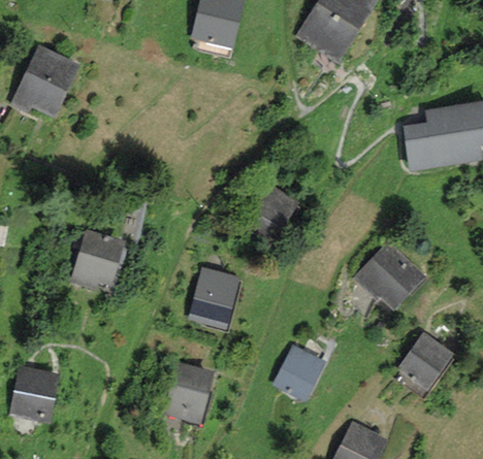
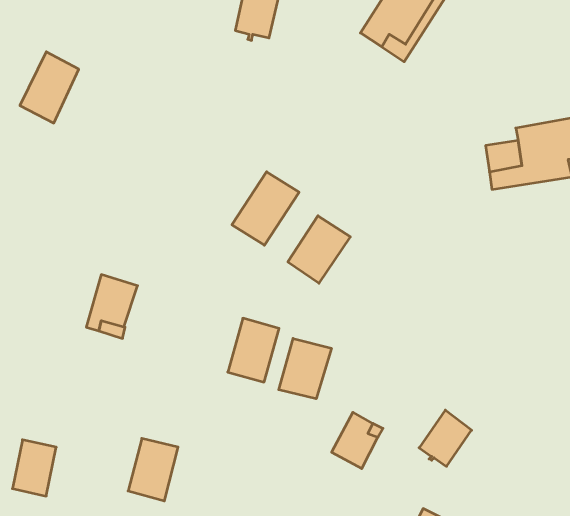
building: none -> [232,172,299,245]
building: [359,248,418,302] -> none
building: none -> [279,338,331,399]
building: [404,338,447,385] -> [419,410,472,466]
building: [168,367,210,419] -> [128,438,178,501]

